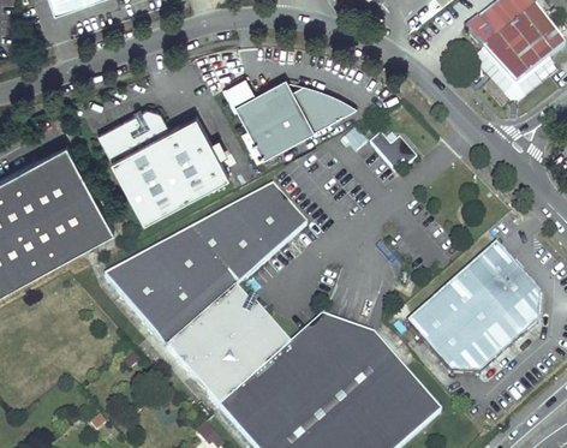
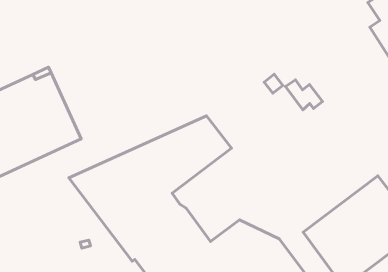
building: [227,77,358,159] -> none
building: [99,108,229,222] -> none

